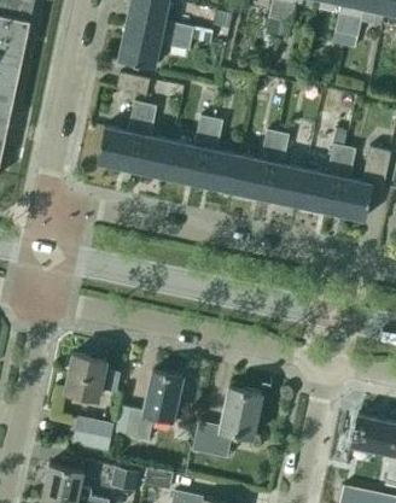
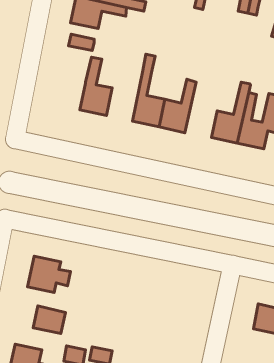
building: [98,101,146,170] -> none
building: [165,118,211,185] -> none
building: [264,135,305,205] -> none
building: [116,372,182,441] -> none
building: [192,388,262,458] -> none

